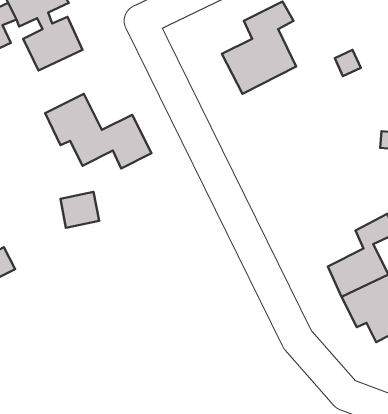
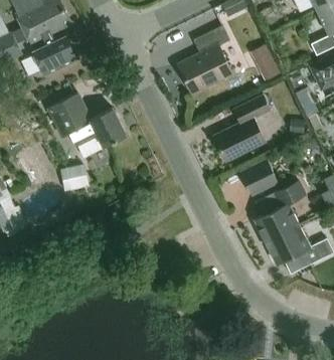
building: none -> [214,96,271,161]
building: none -> [239,161,278,197]

